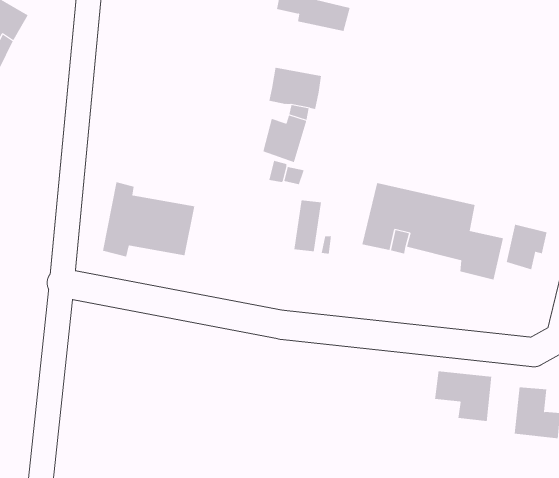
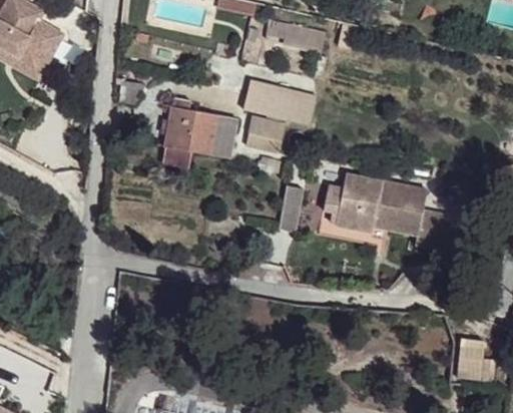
building: [102,182,195,257] -> [162,98,237,159]
building: [506,224,547,270] -> none
building: [435,371,492,422] -> none

